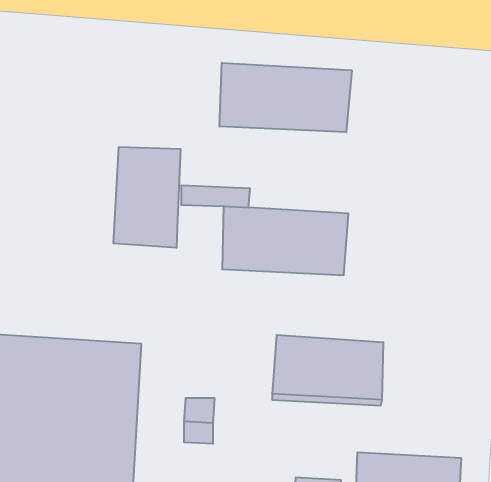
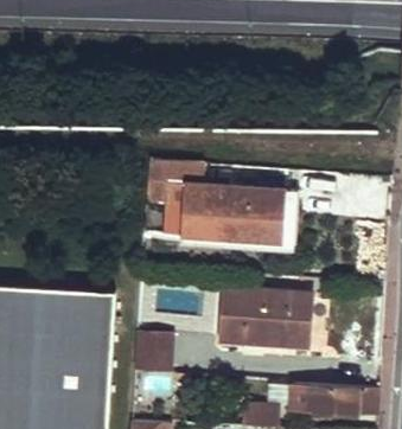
building: [220,63,352,132] -> none
building: [113,147,181,248] -> none

